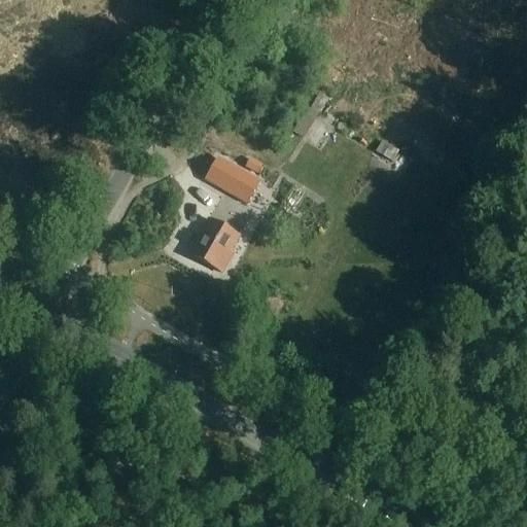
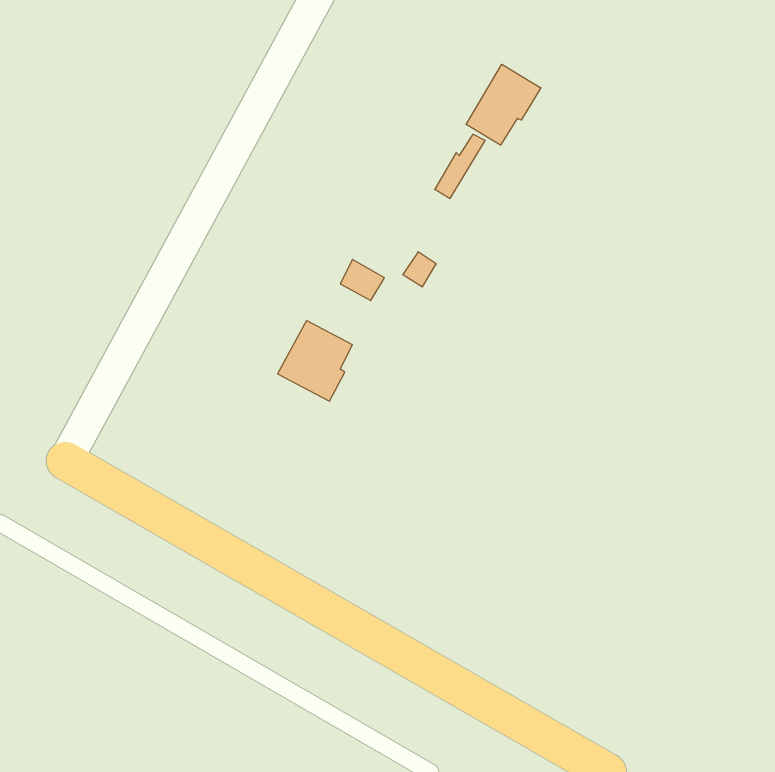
building: none -> [466,64,541,145]
building: [207,156,240,188] -> none

